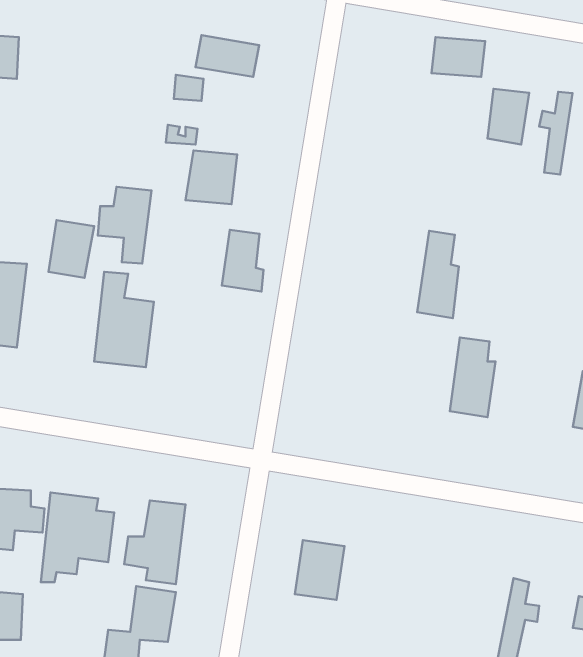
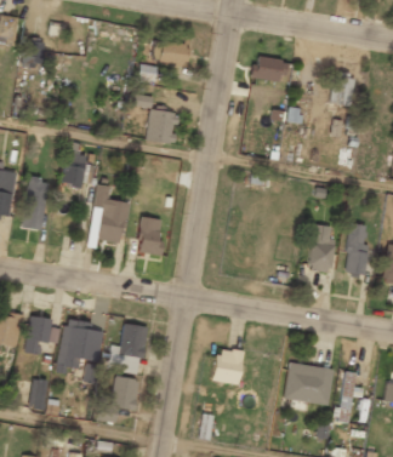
building: [432,37,485,77] -> [252,57,285,81]
building: [539,92,573,175] -> none
building: [98,187,151,263] -> none
building: [222,230,264,292] -> [137,217,163,255]
building: [417,231,459,318] -> [343,223,369,276]
building: none -> [283,362,334,406]

